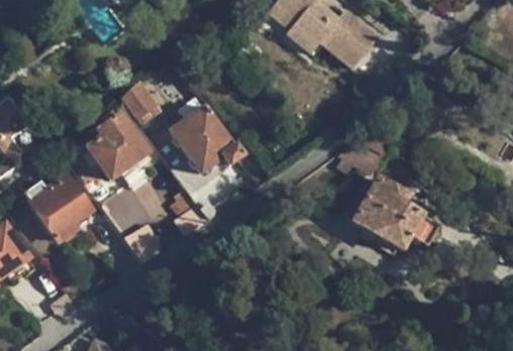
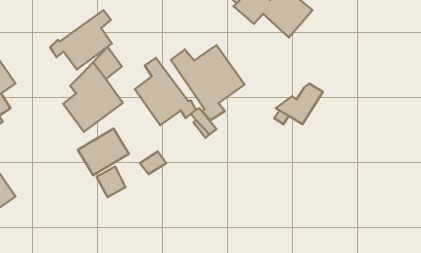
building: none -> [50,10,112,69]
building: none -> [171,45,245,120]
building: [22,174,92,243] -> none
building: [351,179,438,252] -> none

